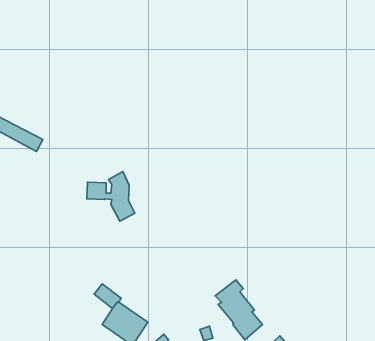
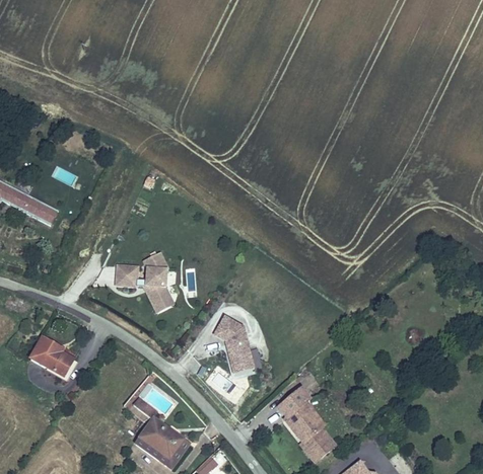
building: none -> [212,315,257,379]
building: none -> [28,336,76,380]

